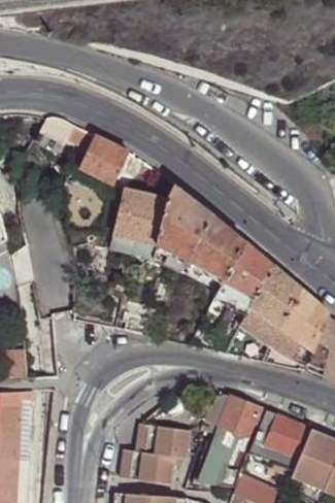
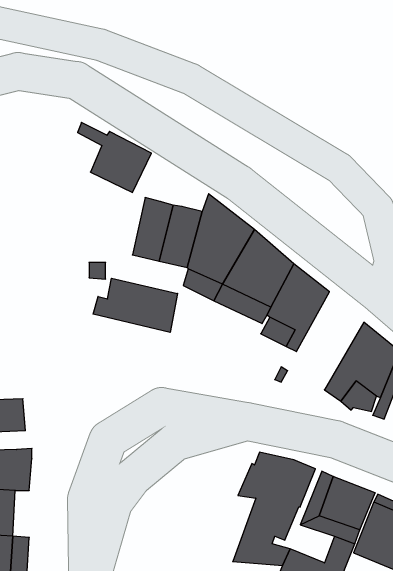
building: none -> [93,278,178,332]
building: [241,265,301,344] -> none
building: [120,425,191,485] -> none

